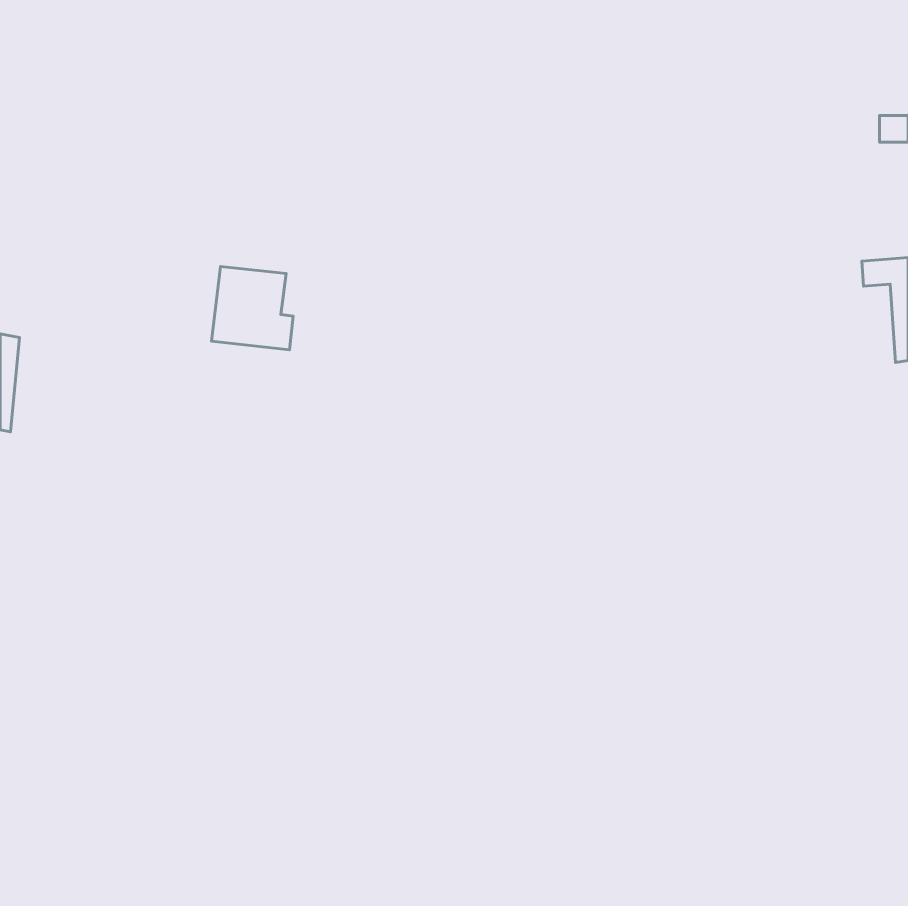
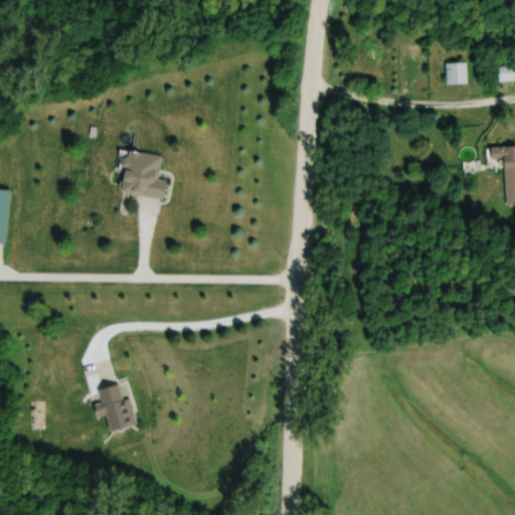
building: none -> [447,62,468,83]
building: none -> [93,383,137,431]

